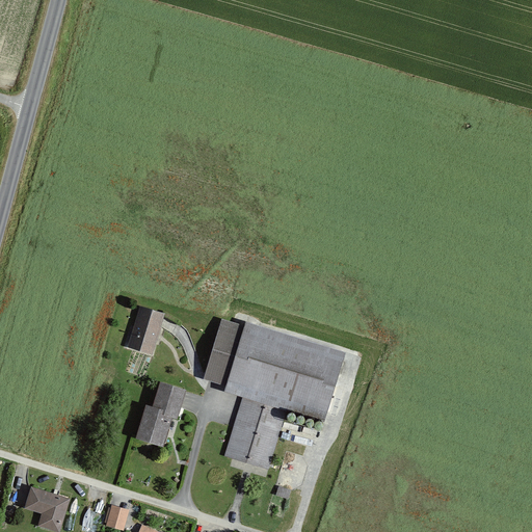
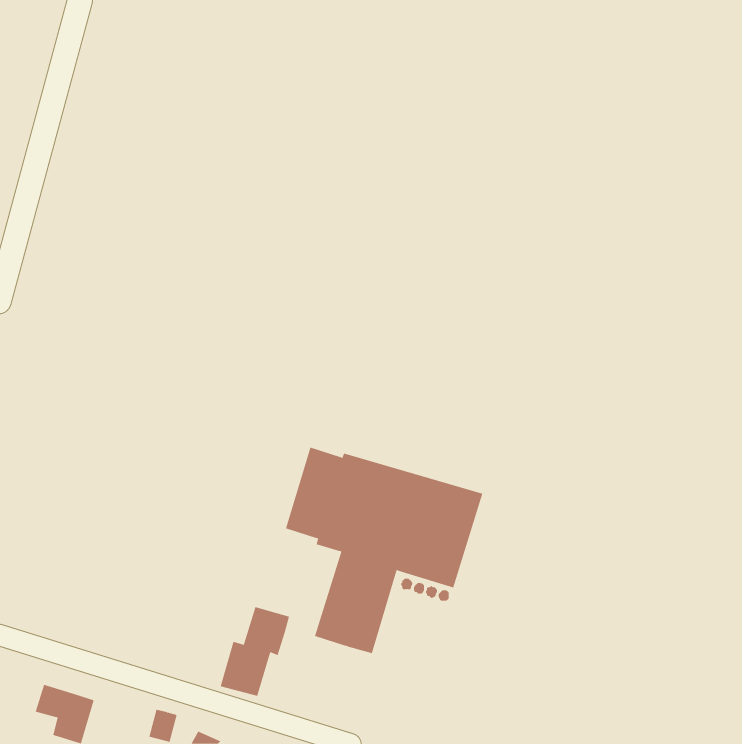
building: [128,307,163,353] -> none
building: [135,381,185,446] -> [220,606,290,697]

